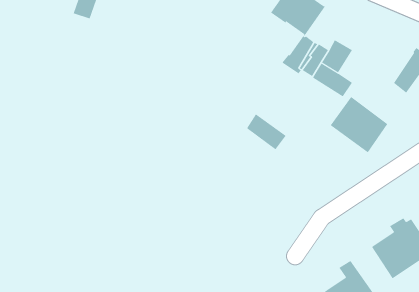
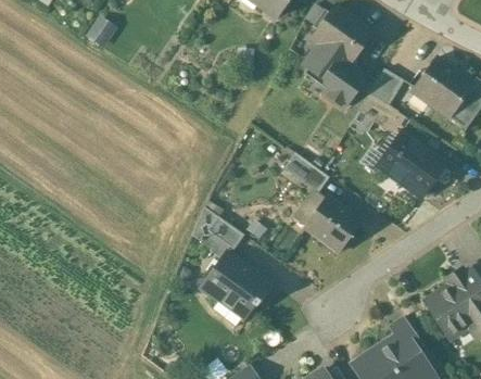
building: none -> [312,49,349,86]
building: none -> [412,58,472,117]
building: none -> [304,197,363,253]
building: none -> [207,216,243,250]
building: none -> [201,253,270,318]

